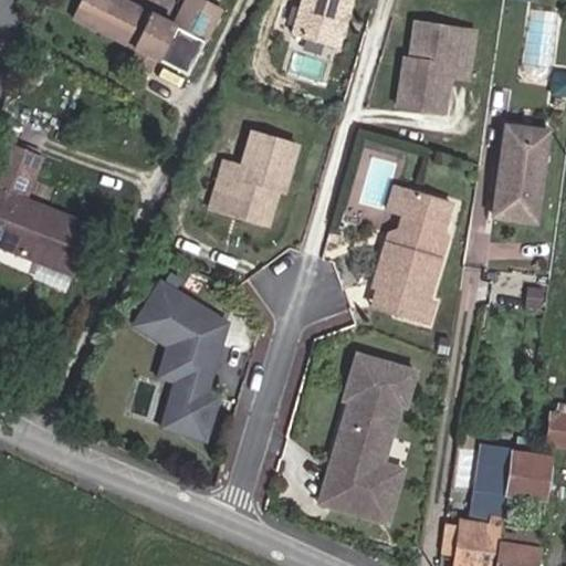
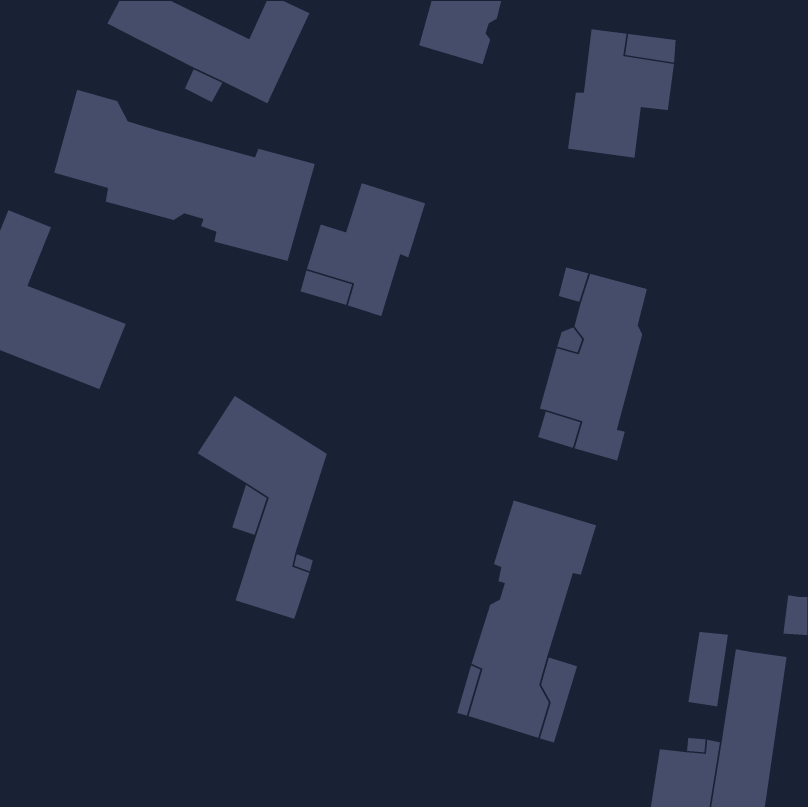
building: none -> [53,89,316,262]
building: [492,128,546,223] -> none

